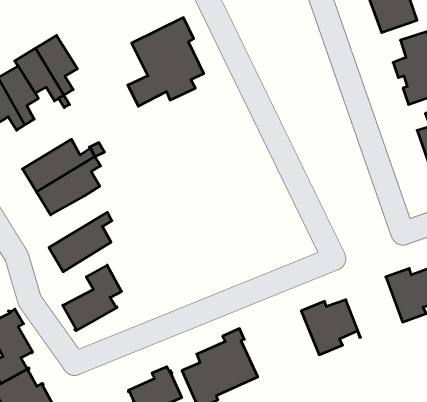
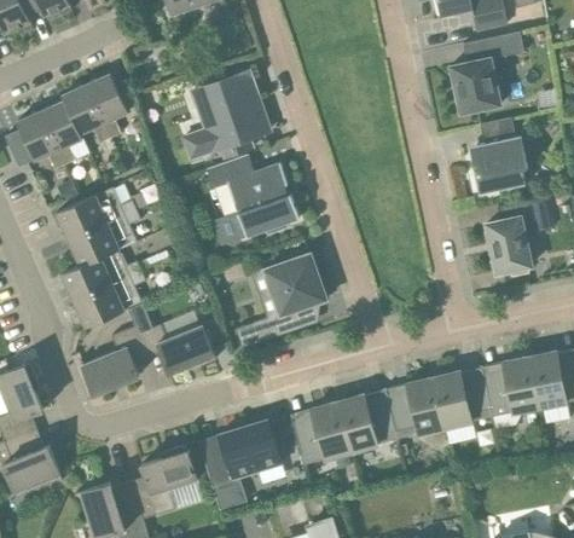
building: none -> [205,155,298,239]
building: none -> [234,254,326,349]
building: none -> [62,250,141,301]
building: none -> [134,322,215,372]
building: none -> [387,377,445,439]
building: none -> [291,403,350,459]

